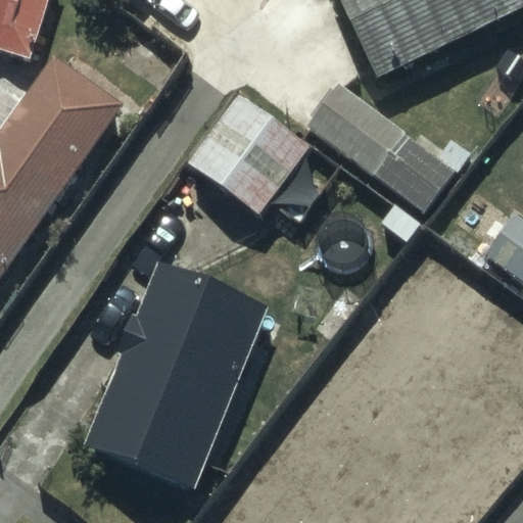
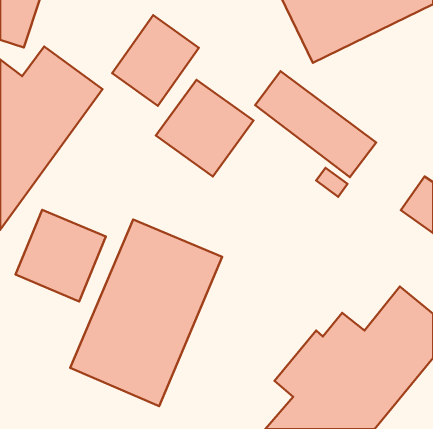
building: none -> [112,15,199,106]
building: none -> [15,210,106,301]

